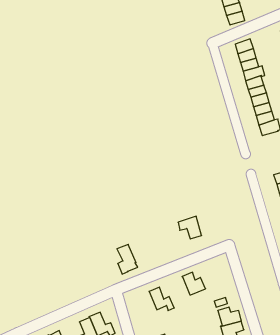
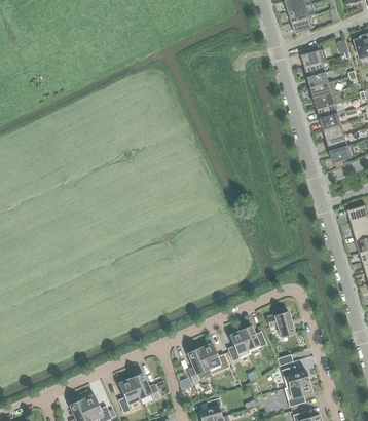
building: [178,216,202,239] -> [266,310,294,337]
building: [117,244,138,274] -> [186,347,211,382]
building: none -> [227,331,250,360]

